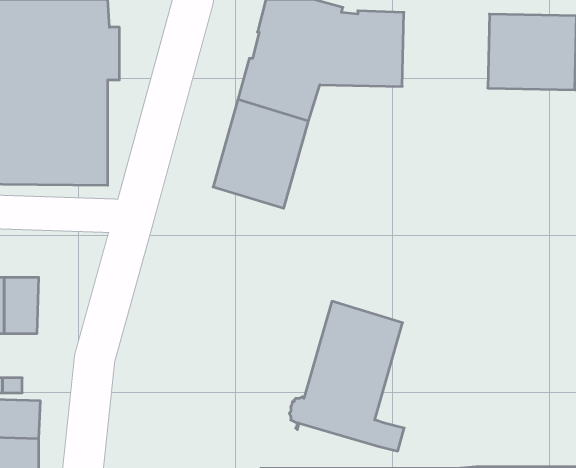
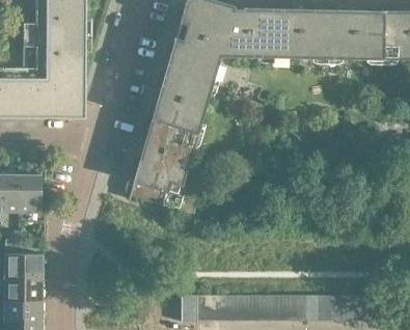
building: none -> [271,9,326,57]
building: [289,301,404,451] -> [125,119,197,214]

